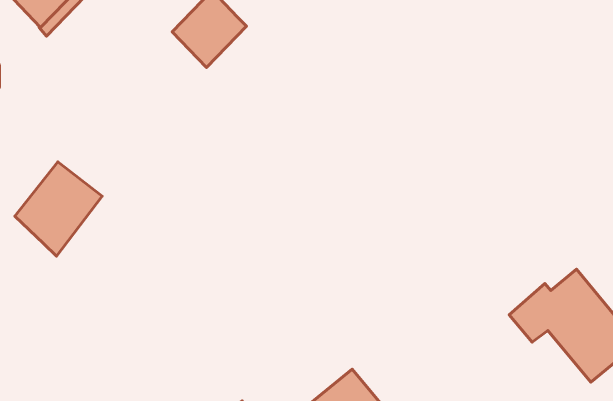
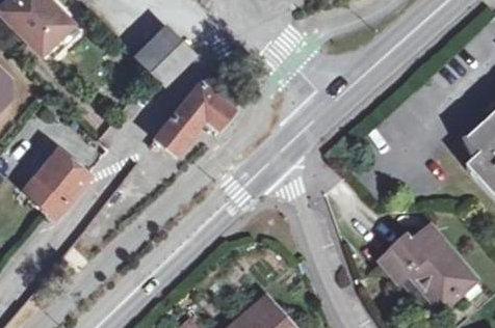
building: none -> [156,75,240,152]

